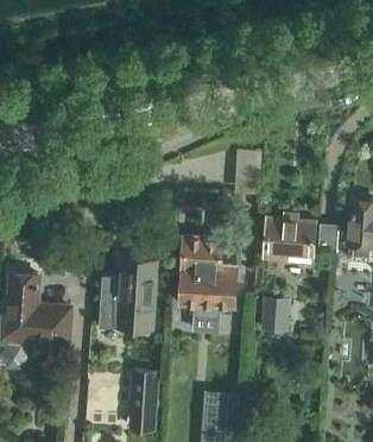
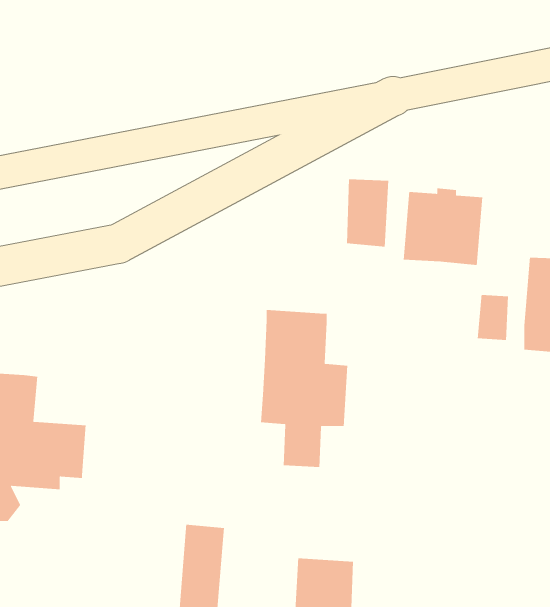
building: [263,214,314,264] -> [403,187,483,266]
building: [99,258,156,329] -> none
building: [260,295,289,330] -> none

